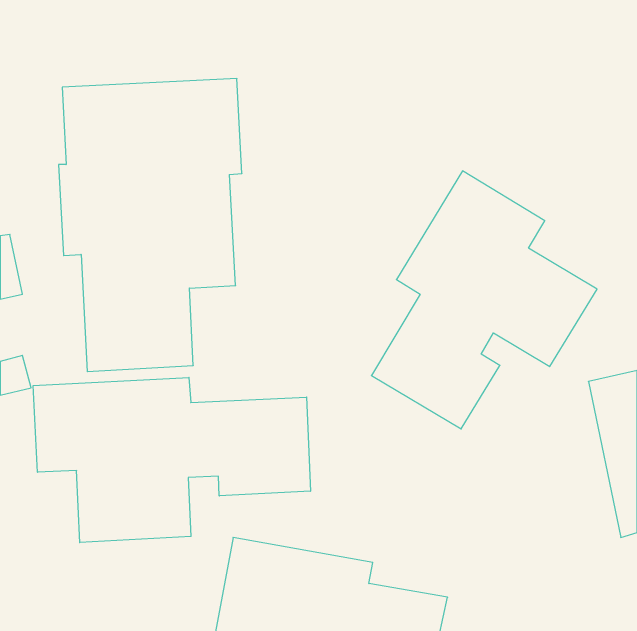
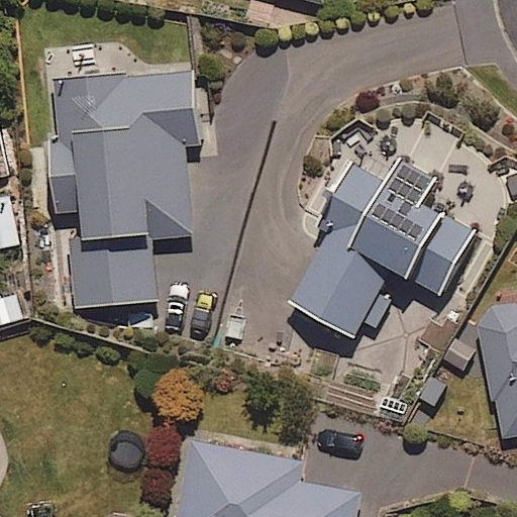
building: [33,377,310,543] -> none

